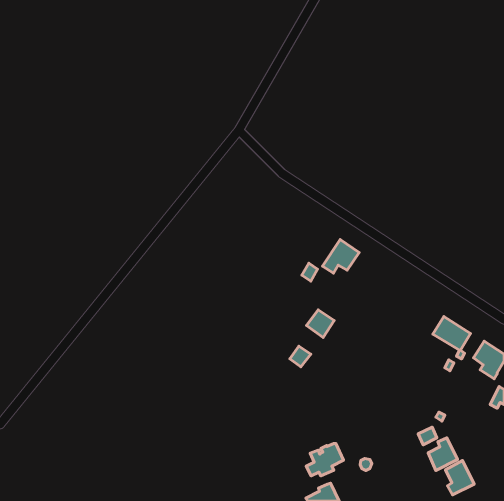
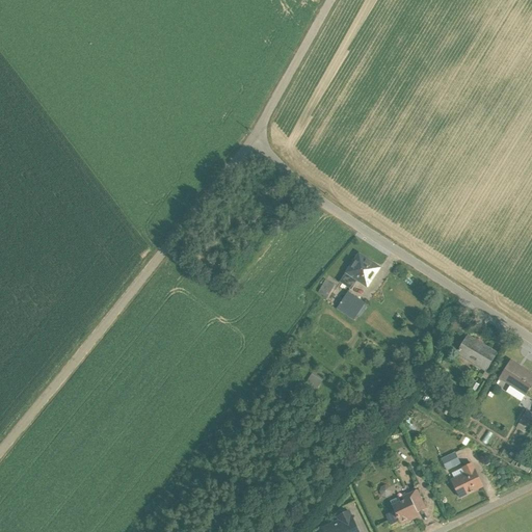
building: [306,310,334,337] -> [336,290,365,319]
building: [306,443,344,476] -> [385,488,425,523]
building: [445,460,474,495] -> none

